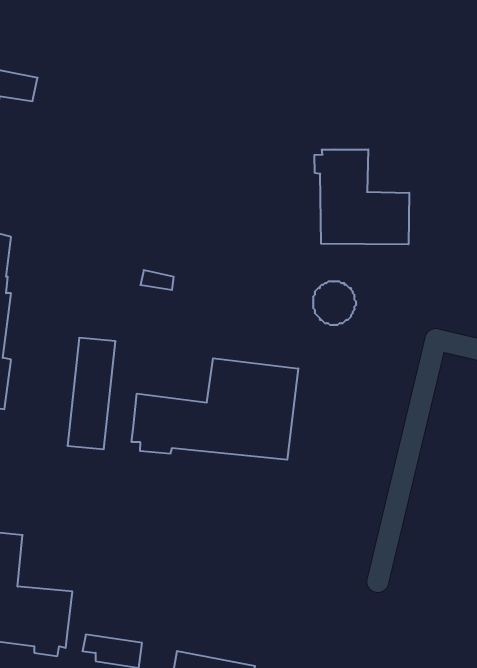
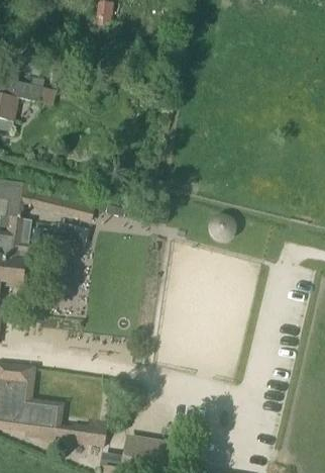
building: [314,149,409,244] -> none
building: [132,358,298,460] -> none

